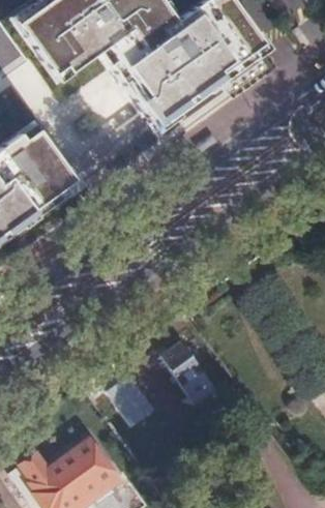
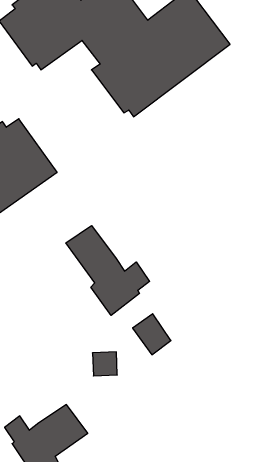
building: none -> [66,226,150,315]

